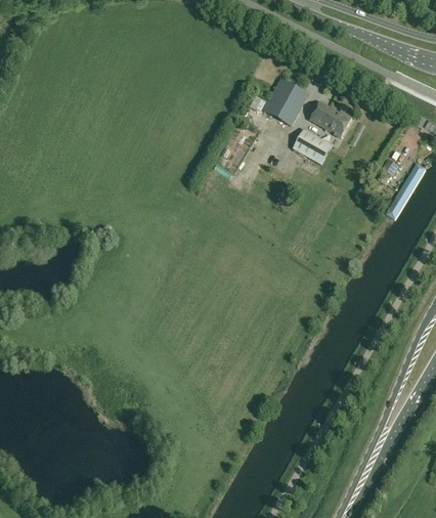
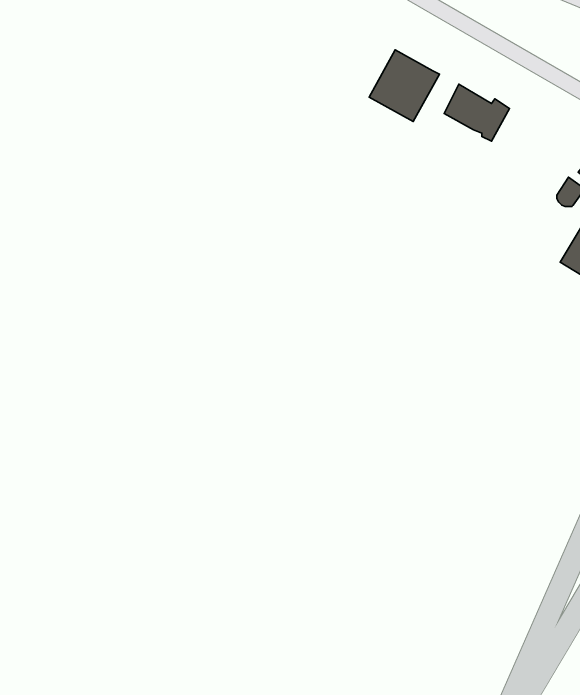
building: [293,129,332,164] -> none

